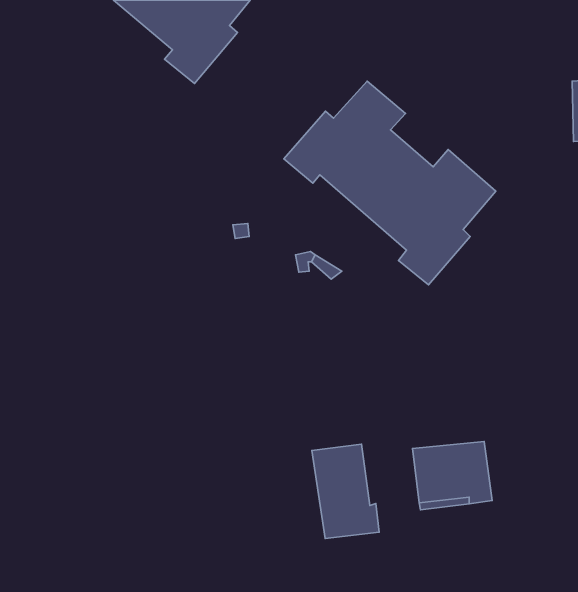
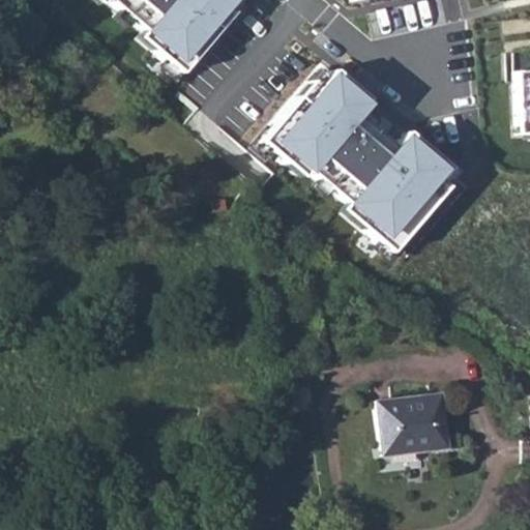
building: [312,444,379,538] -> none

